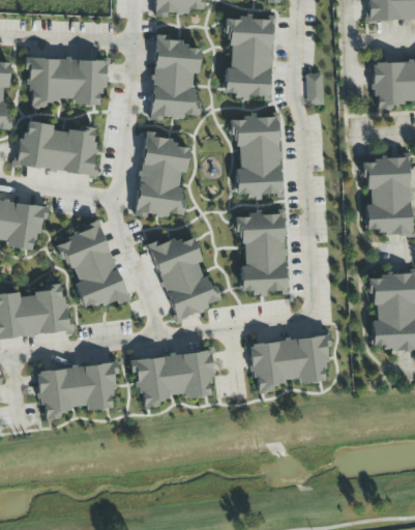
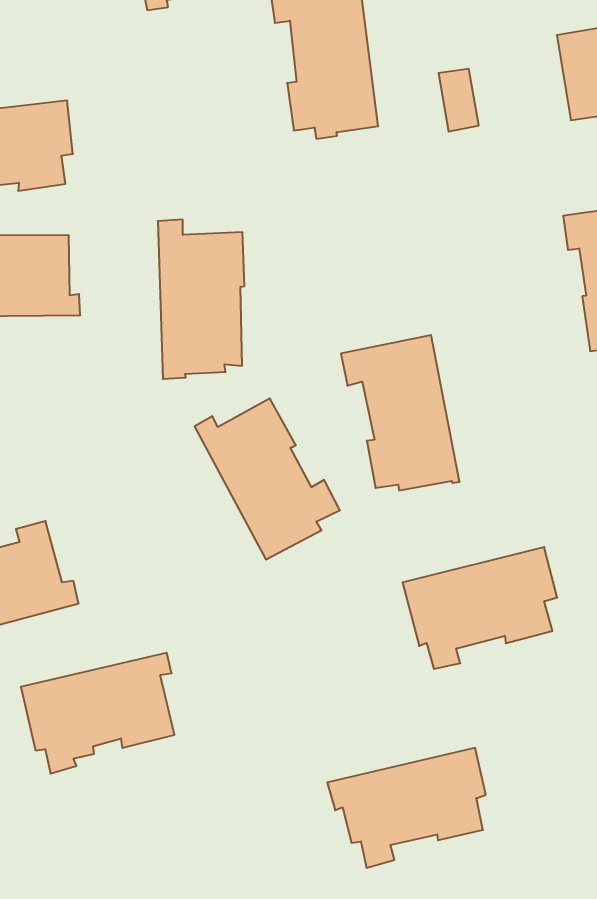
building: [151,33,201,120] -> none
building: [230,115,283,199] -> none
building: [60,222,129,310] -> none
building: [130,351,214,407] -> [327,748,486,868]

